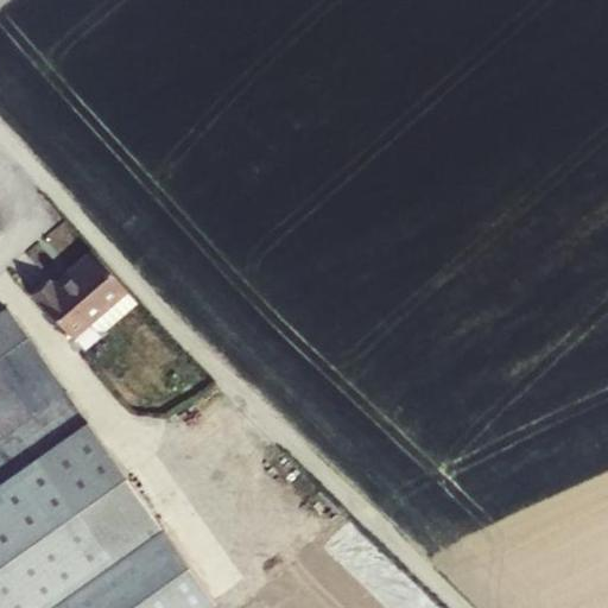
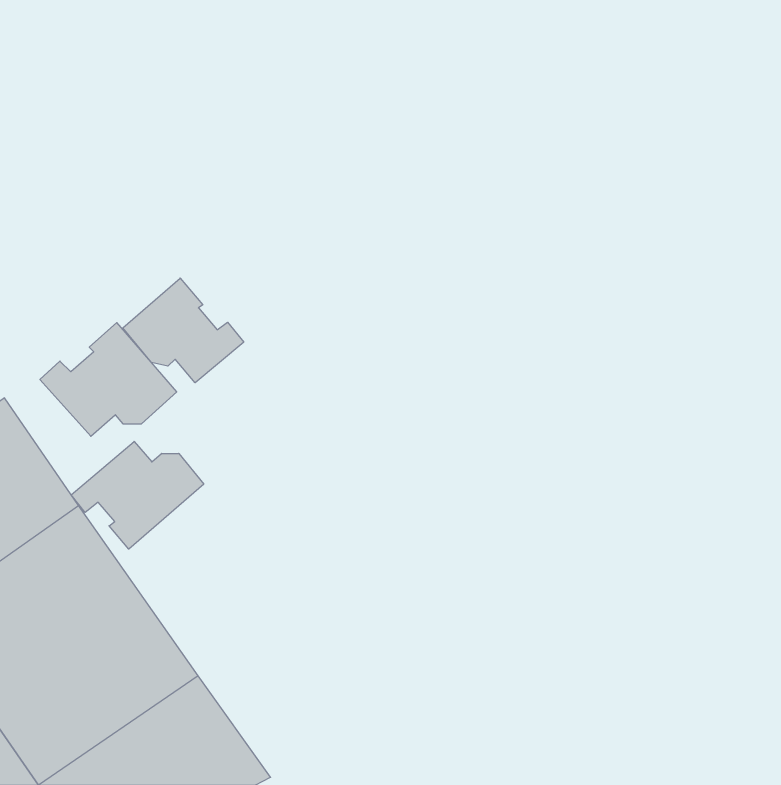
building: none -> [123,278,244,383]
building: none -> [71,441,204,549]

